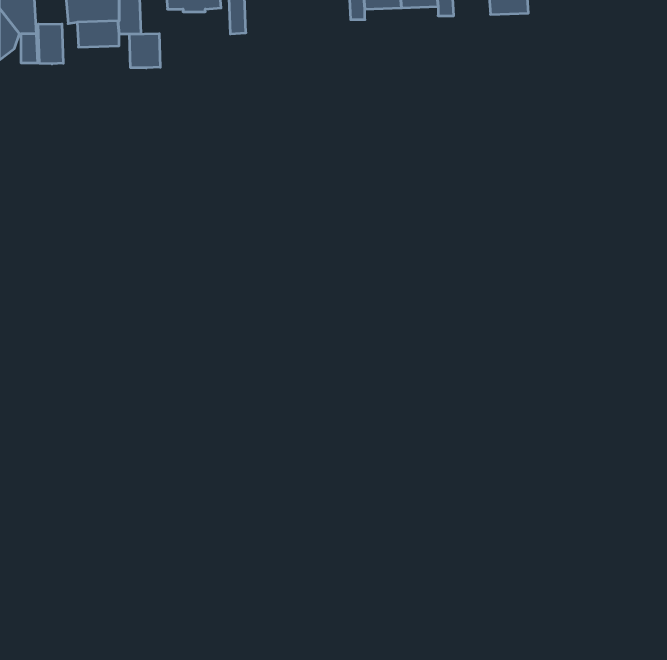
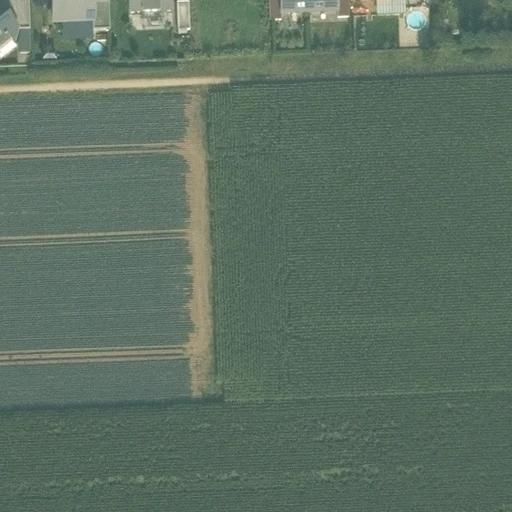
building: [38,24,63,64] -> none
building: [129,34,160,68] -> none

